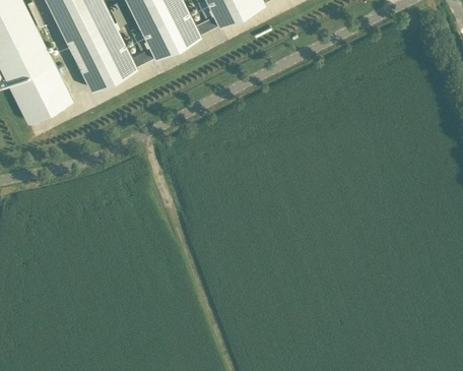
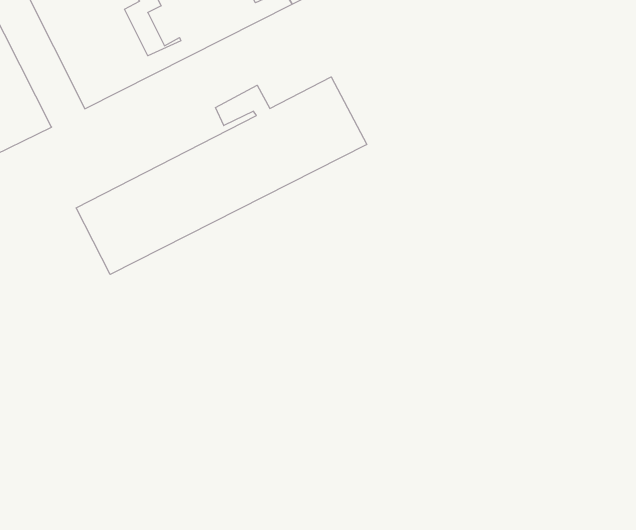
building: none -> [76,77,367,274]

